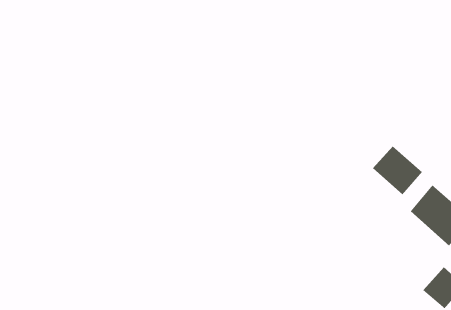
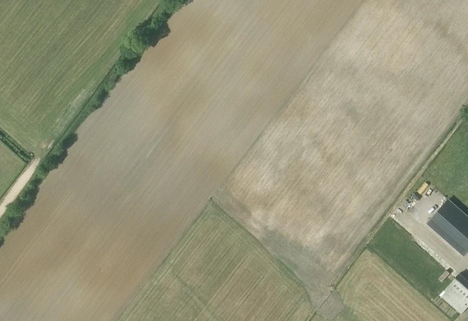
building: [372,146,423,195] -> none

